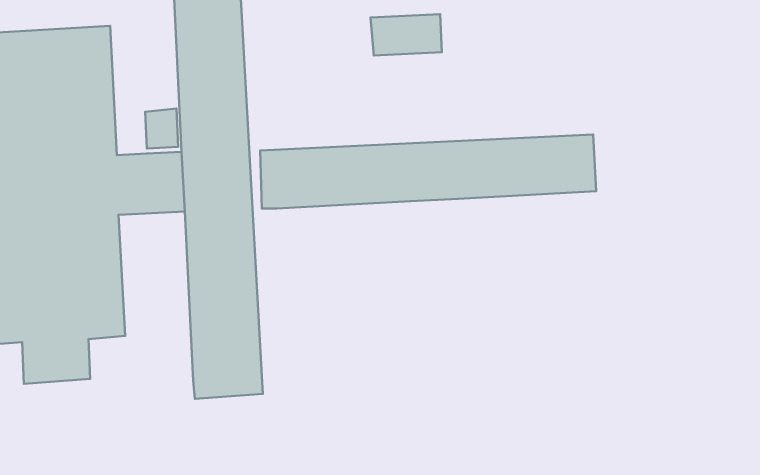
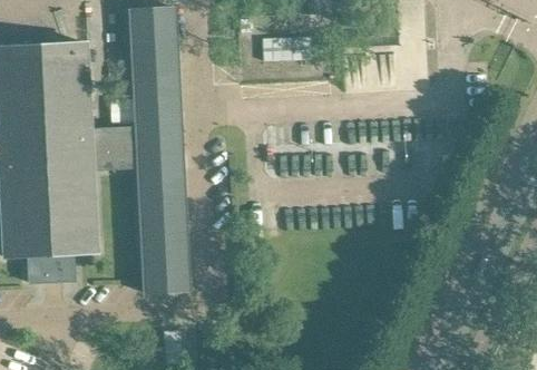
building: [260,135,596,209] -> none

